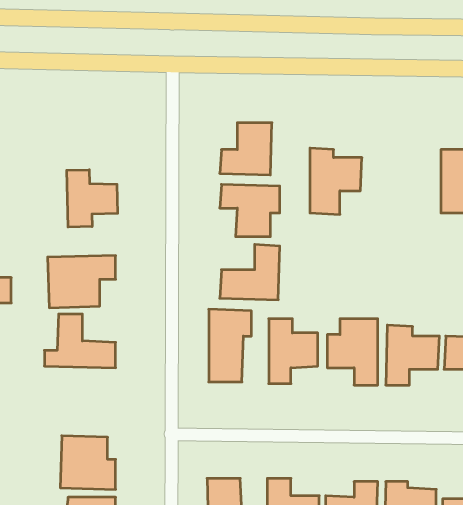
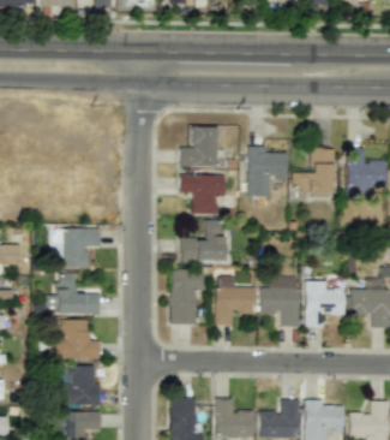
building: none -> [293,148,335,192]
building: [67,170,118,227] -> none
building: none -> [55,320,100,359]

